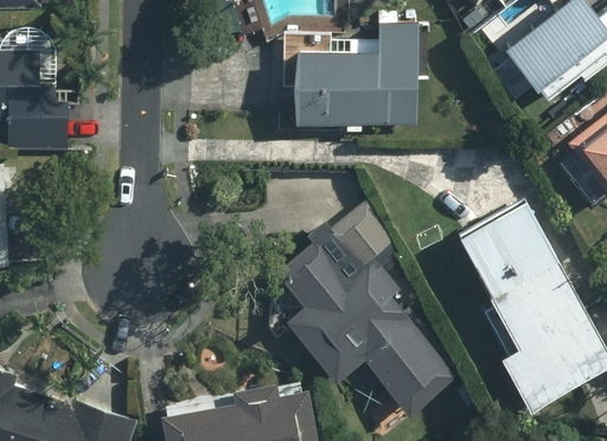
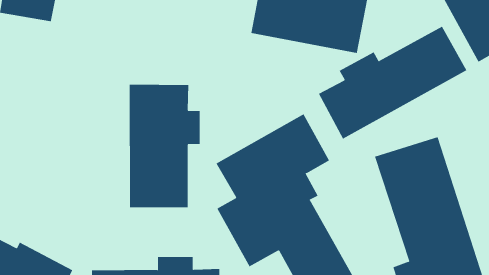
building: none -> [318,26,467,140]
building: none -> [129,84,200,208]

